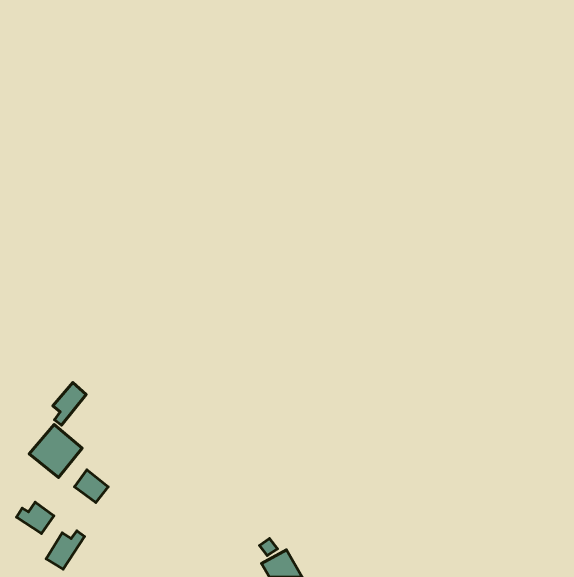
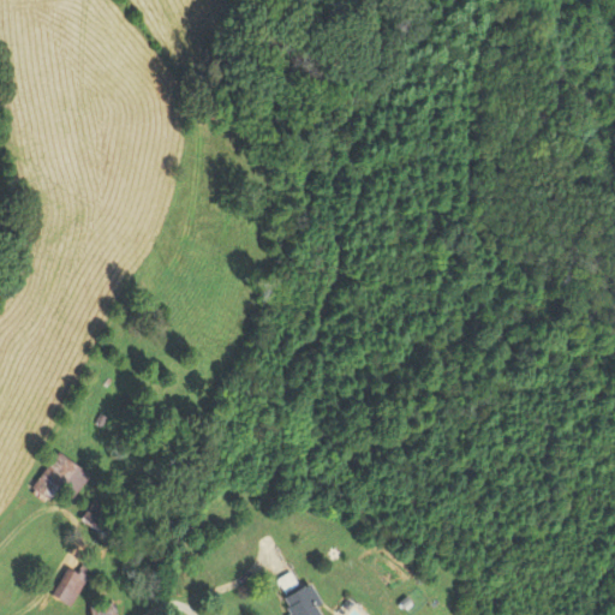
building: [53,383,86,425] -> none
building: [17,502,54,533] -> none

